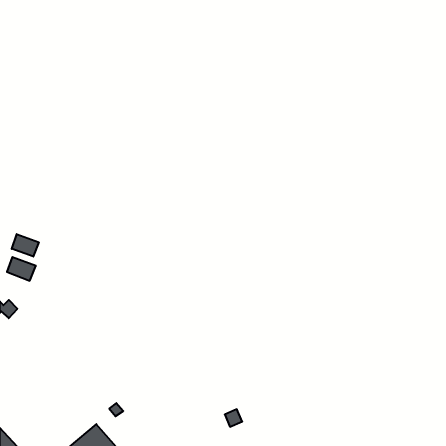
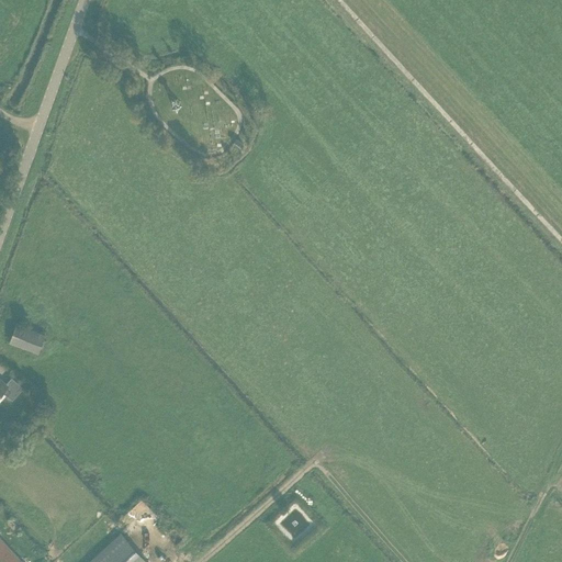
building: [12,234,39,257] -> none

